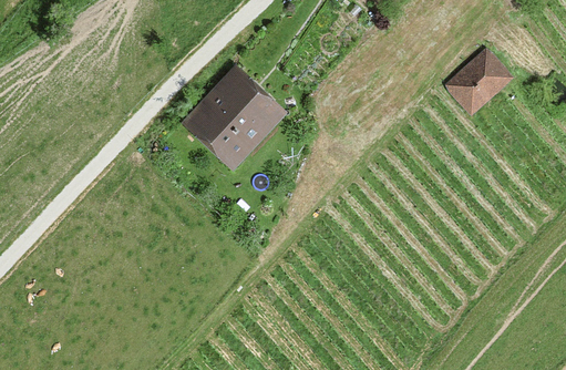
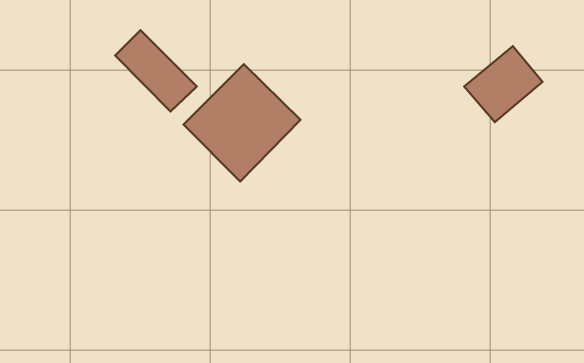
building: none -> [115,30,197,112]

